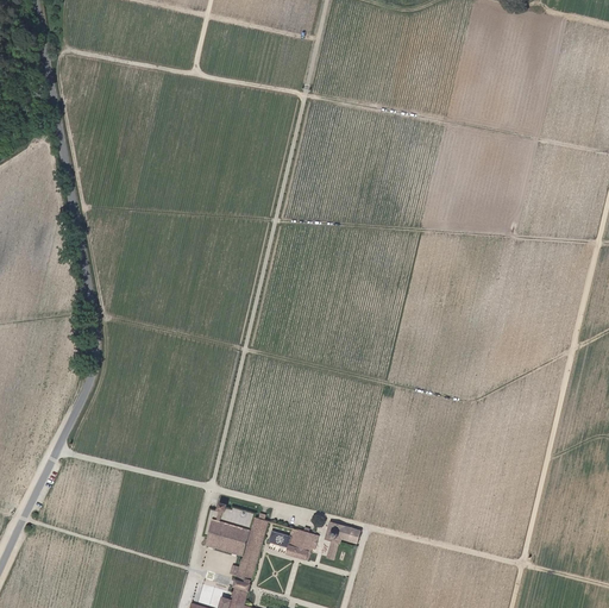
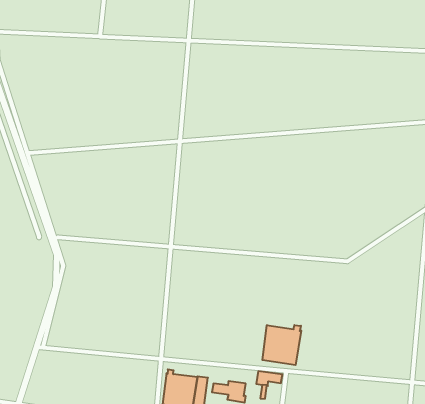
building: none -> [262,325,301,365]

